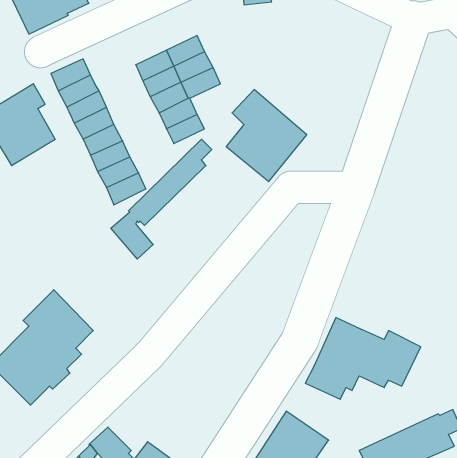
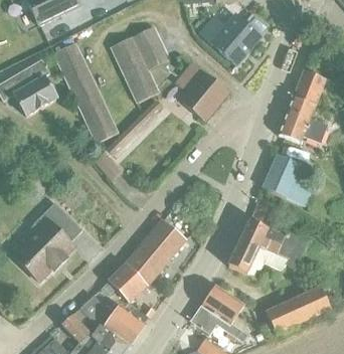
building: none -> [199,12,266,63]
building: none -> [278,69,326,142]
building: none -> [262,153,311,204]
building: none -> [108,220,183,302]

